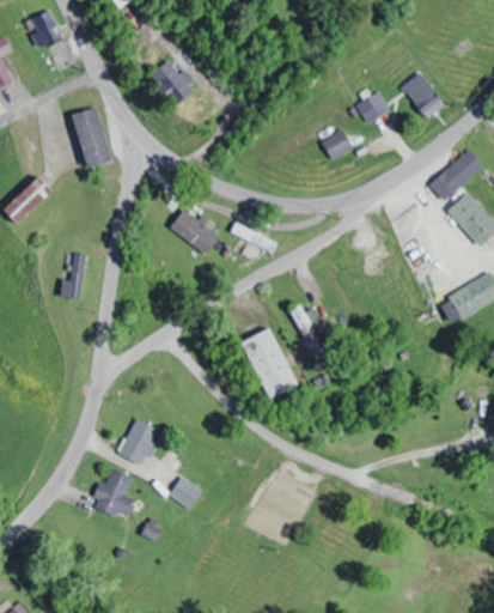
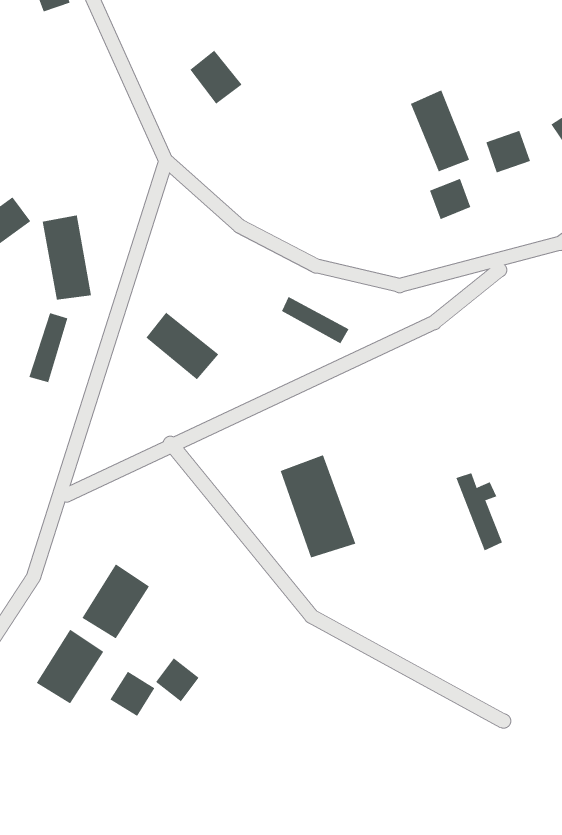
building: none -> [410,89,470,172]
building: [72,107,111,166] -> [42,215,92,300]
building: [169,210,220,254] -> [145,312,219,380]
building: [288,305,325,358] -> [455,473,503,551]
building: none -> [110,671,155,717]

